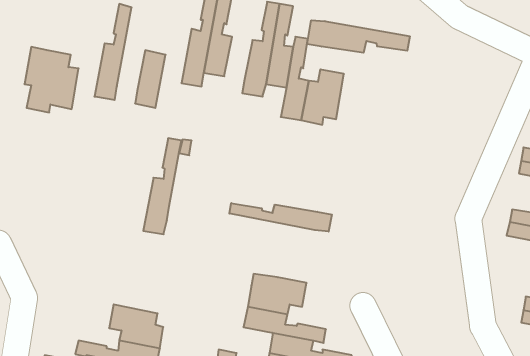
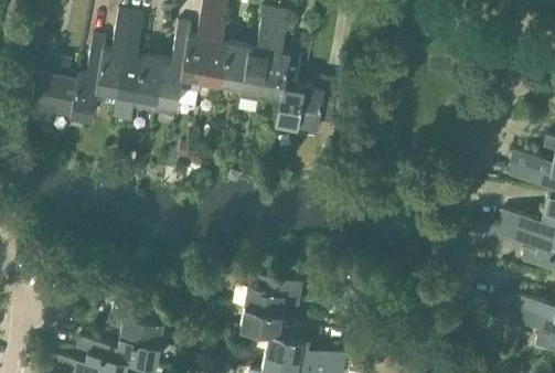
building: none -> [117,15,145,97]
building: [307,20,410,53] -> none
building: none -> [73,38,107,118]
building: none -> [222,44,249,86]
building: [143,138,182,234] -> [154,23,192,117]
building: [229,203,332,232] -> none

